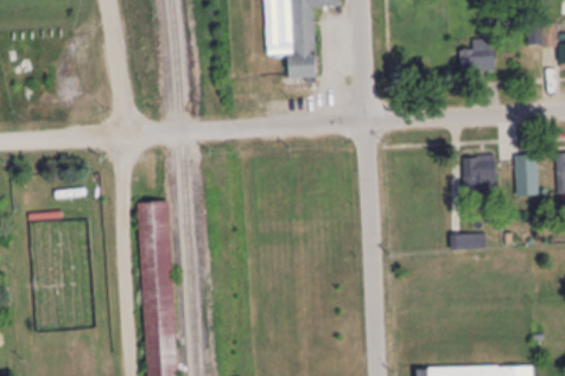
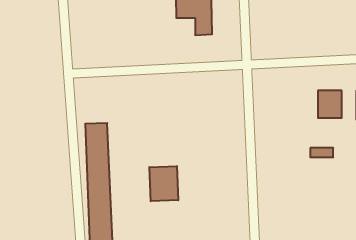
building: [461,38,493,72] -> none
building: none -> [149,166,178,201]

